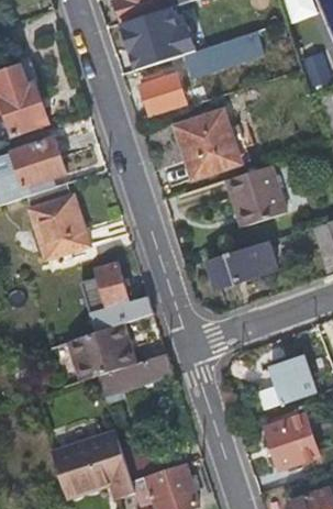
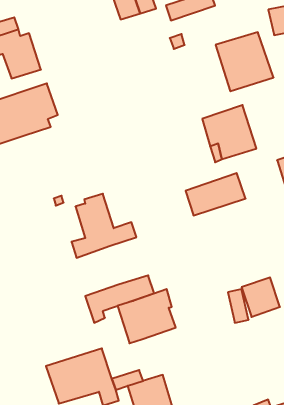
building: [143,70,190,111] -> none
building: [177,112,242,178] -> [216,32,274,91]
building: [30,185,88,264] -> none
building: [70,321,135,381] -> [118,289,176,343]
building: [262,416,315,475] -> none

